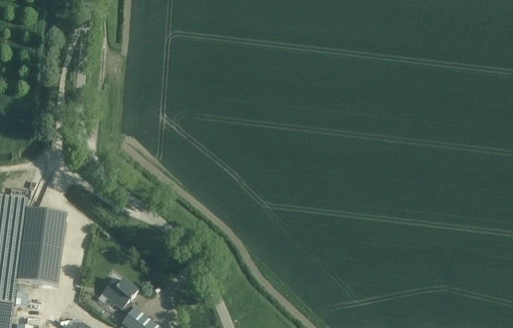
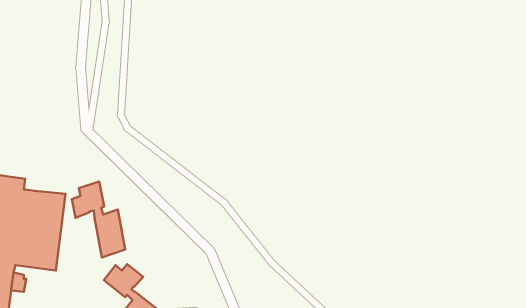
building: none -> [72,181,125,258]

